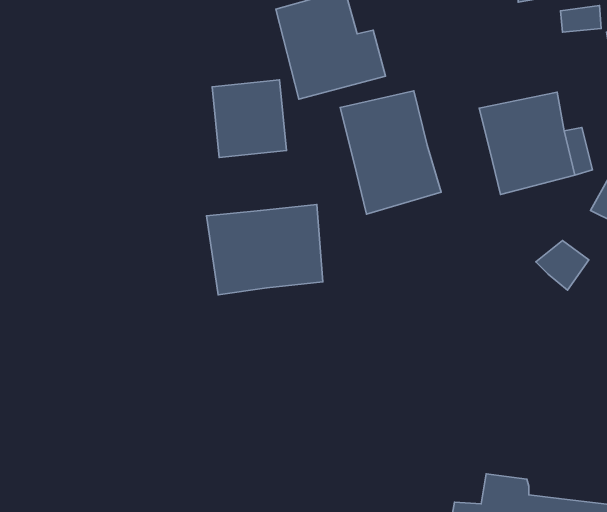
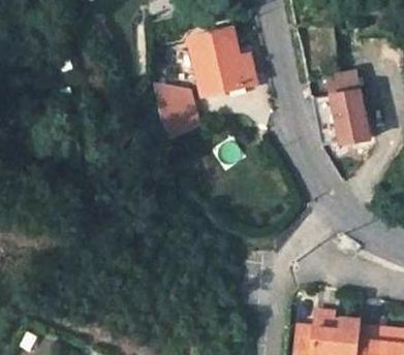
building: [340,91,441,214] -> none
building: [206,205,323,295] -> none

